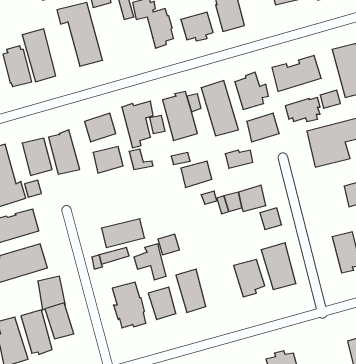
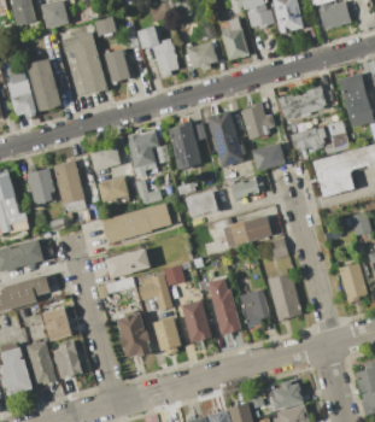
building: none -> [104,48,130,82]
building: none -> [102,203,172,244]
building: none -> [211,288,241,334]

